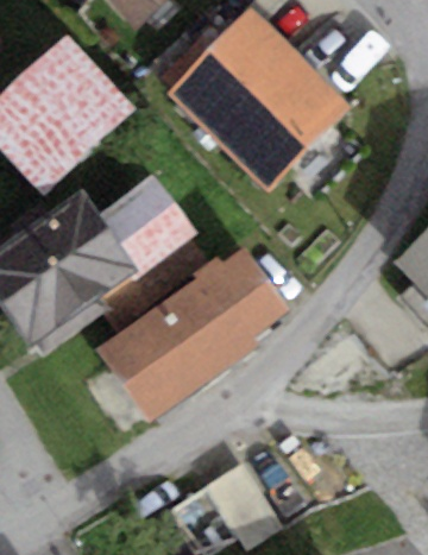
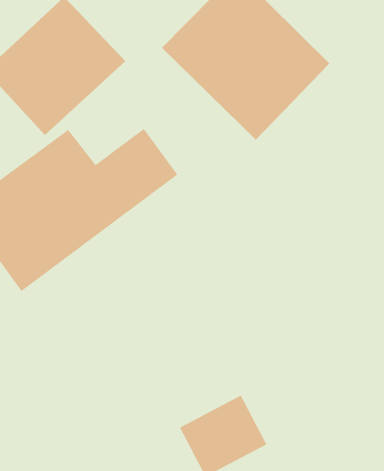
building: [102,253,294,420] -> none

